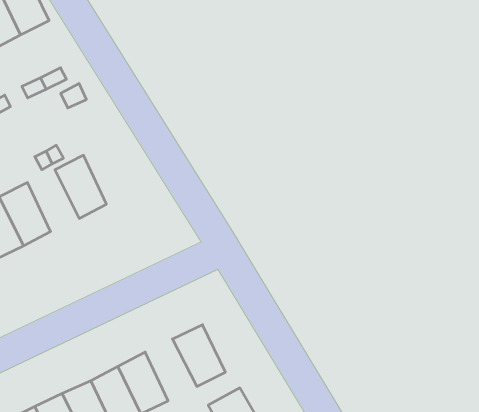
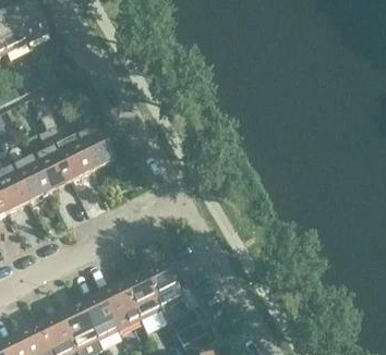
building: none -> [75,123,114,170]
building: none -> [33,144,72,191]
building: none -> [122,272,161,319]

